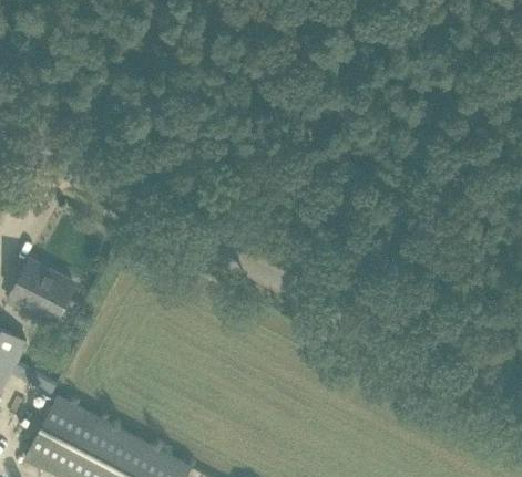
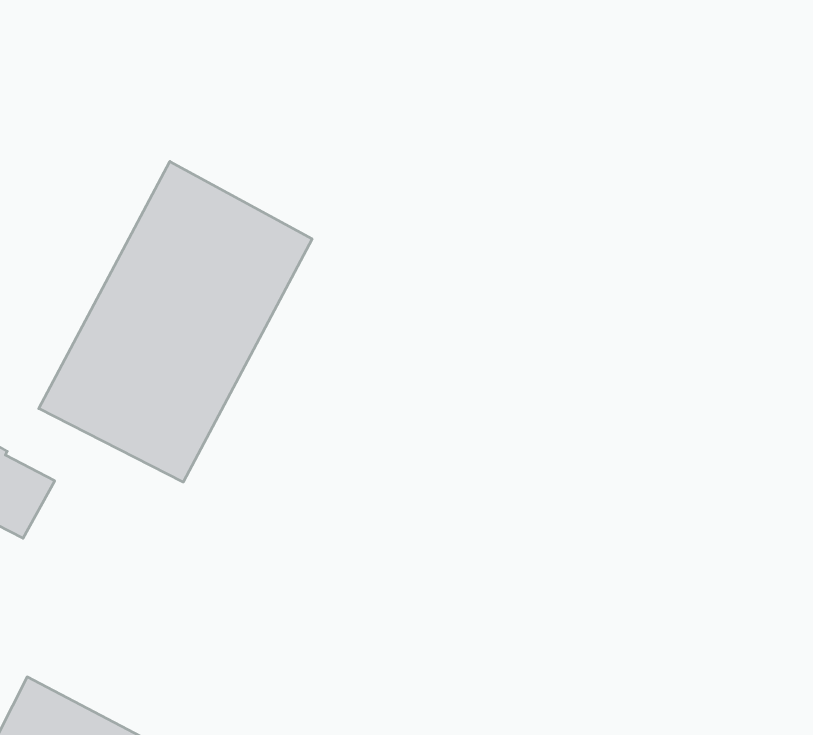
building: none -> [39,161,312,482]

